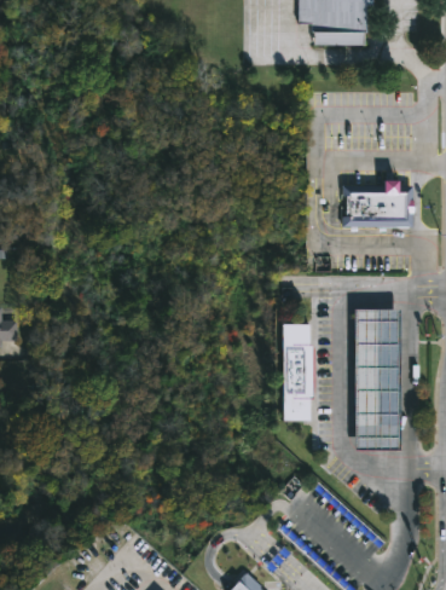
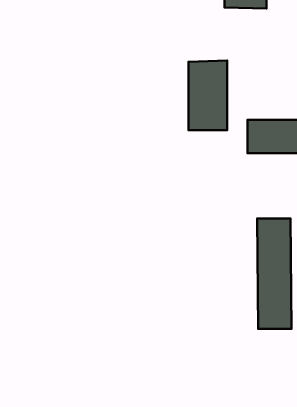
building: none -> [188,60,227,130]
building: [282,324,313,418] -> none

